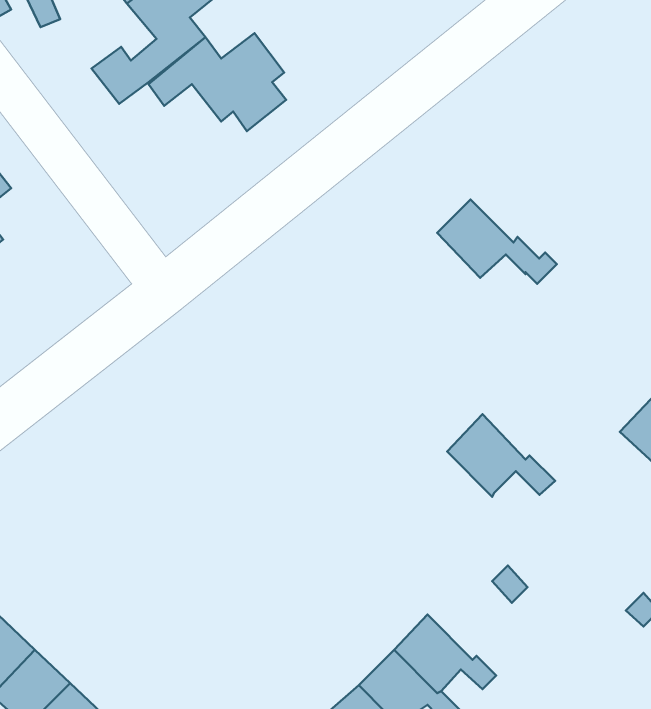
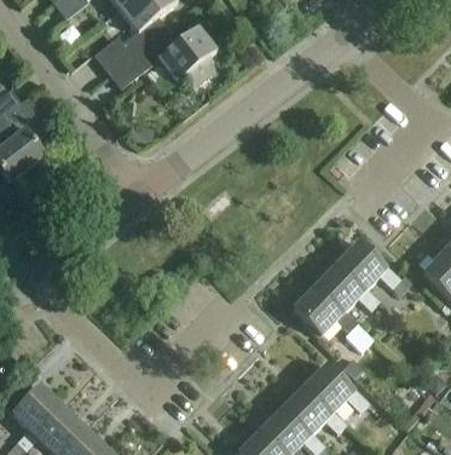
building: [437,199,557,284] -> [337,241,411,293]
building: none -> [293,284,374,347]
building: none -> [303,363,368,413]

